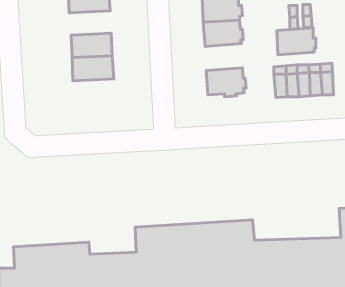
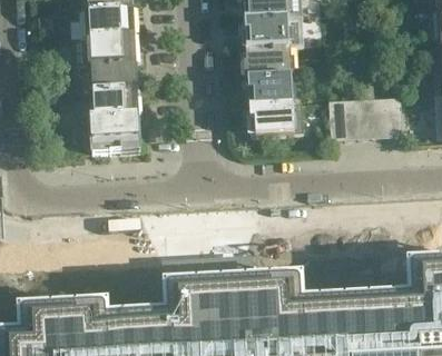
building: none -> [85,23,135,52]
building: [277,28,316,55] -> [247,62,294,95]
building: none -> [89,105,139,141]

